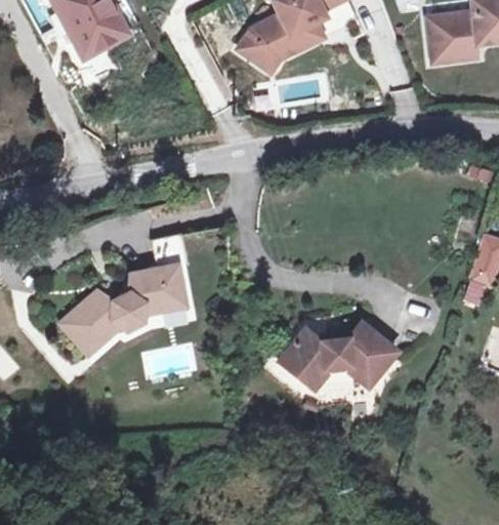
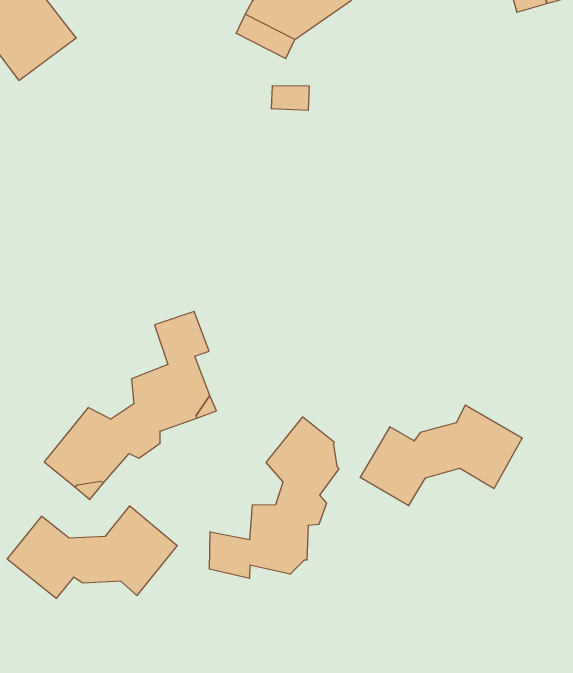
building: none -> [209,417,339,578]
building: none -> [7,506,177,598]

